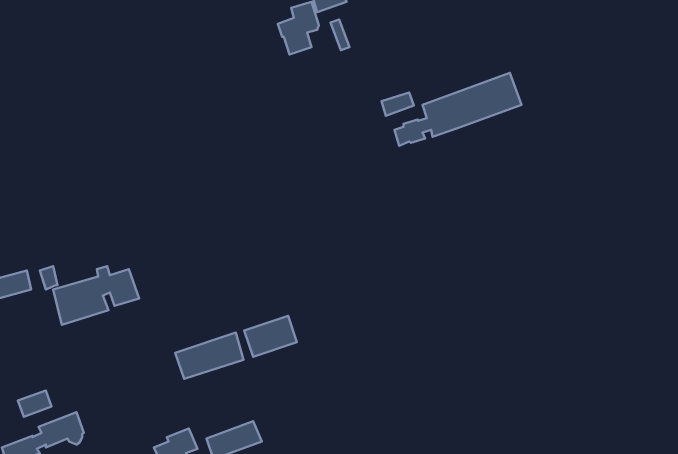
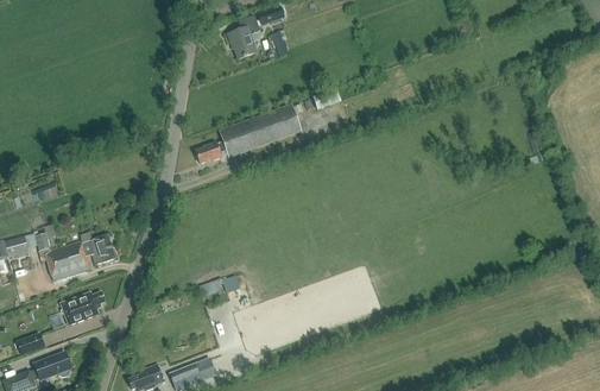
building: [395,73,522,146] -> [196,105,299,164]
building: [175,332,243,379] -> none
building: none -> [59,292,105,326]

